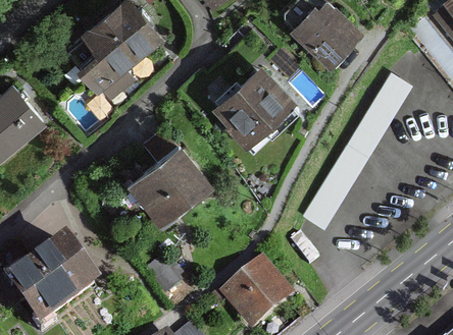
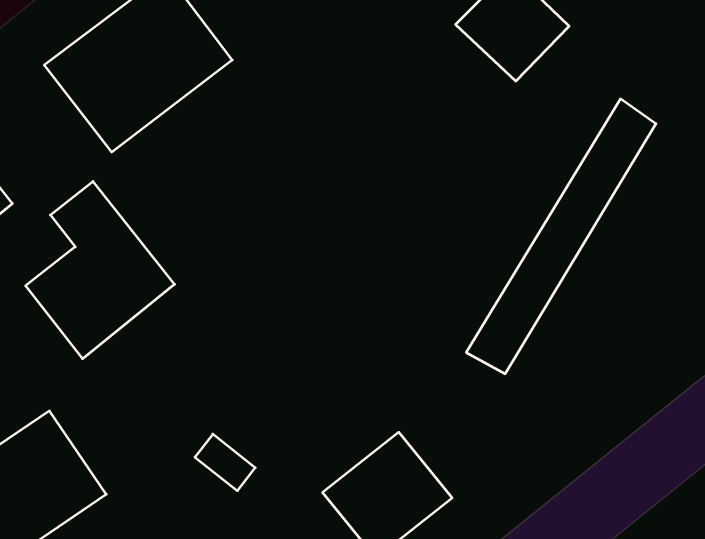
building: [215,65,297,145] -> none
building: [129,127,214,229] -> [26,181,175,359]

